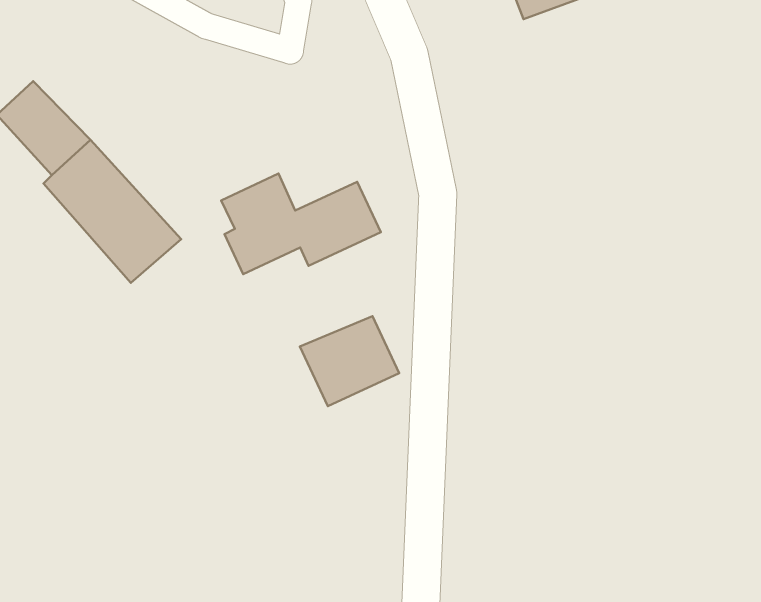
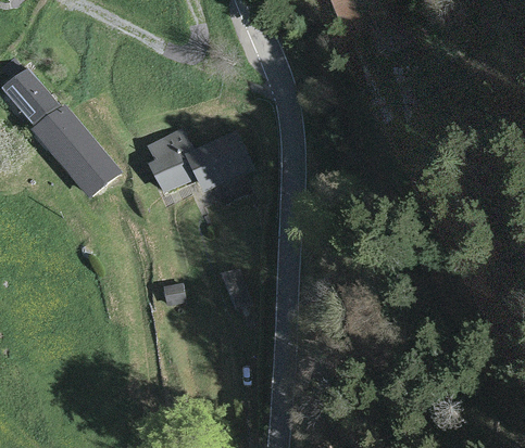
building: [300,316,399,406] -> none

